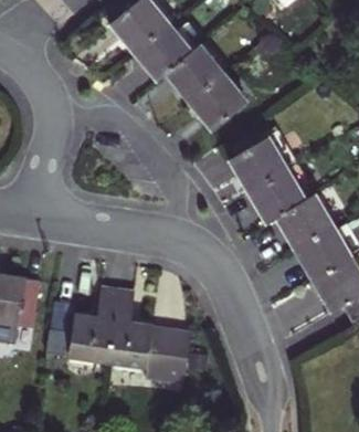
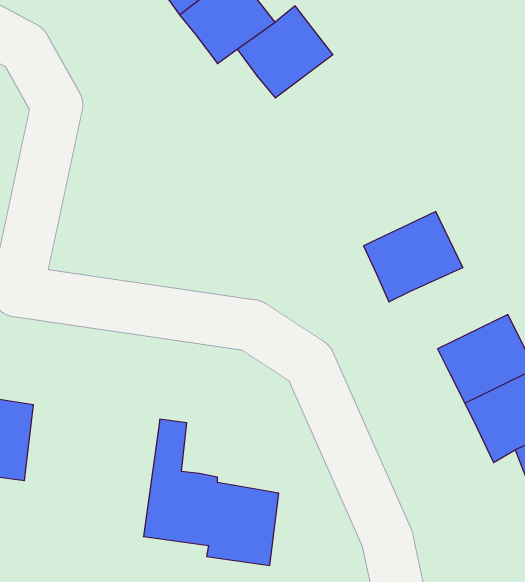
building: [188,66,244,120] -> none
building: [226,128,286,183] -> none
building: [271,190,330,246] -> none
building: [47,287,117,361] -> none

